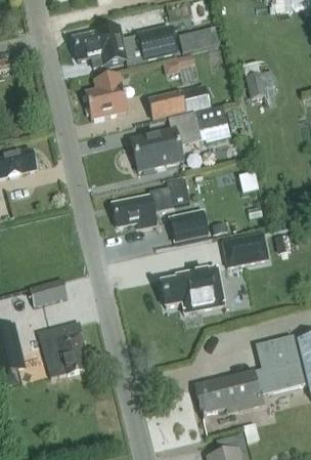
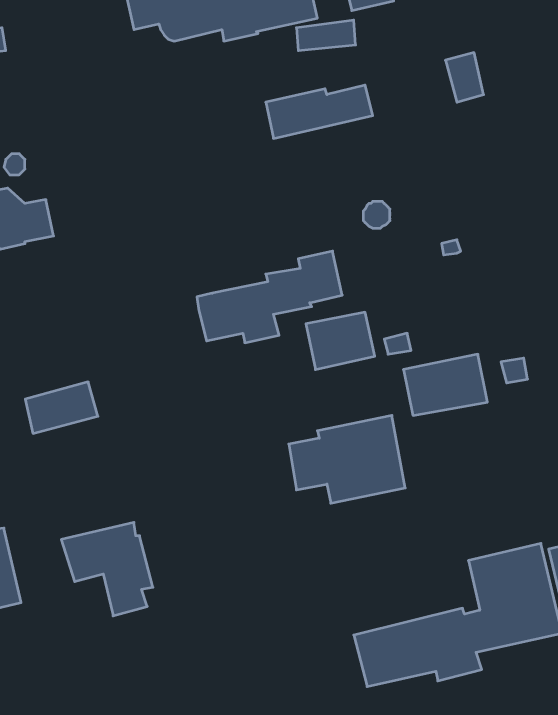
building: [85,75,127,118] -> none
building: [130,104,226,169] -> none
building: [29,279,68,306] -> [25,382,98,433]

